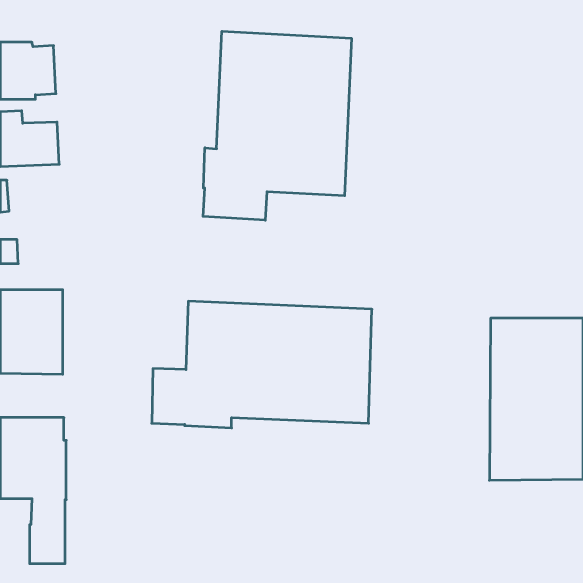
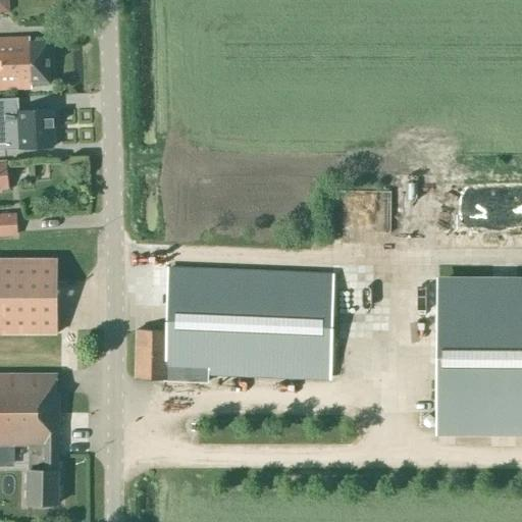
building: [203,31,351,220] -> none

